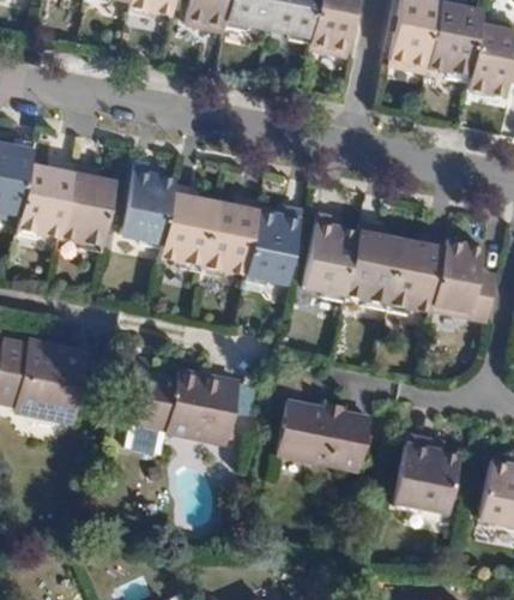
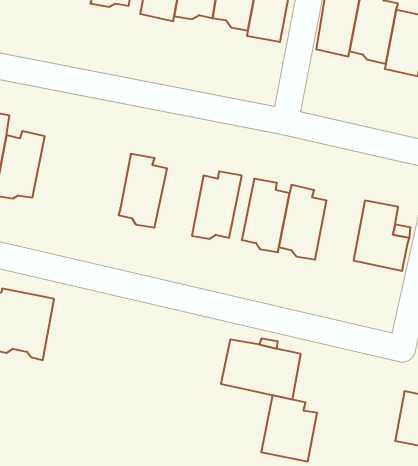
building: [120,163,176,250] -> none
building: [60,167,115,252] -> none
building: [201,199,260,277] -> none
building: [387,236,445,314] -> none
building: [125,361,237,446] -> none
building: [395,436,460,512] -> [261,395,317,461]

